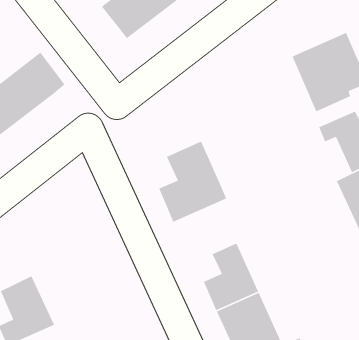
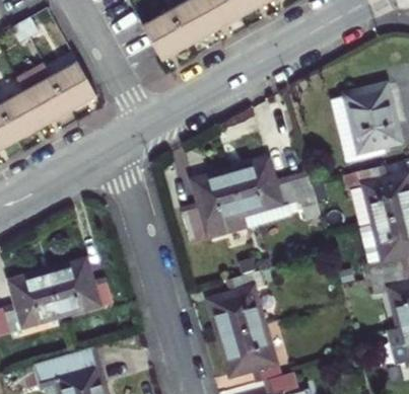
building: none -> [225,157,312,214]
building: none -> [42,261,110,322]

